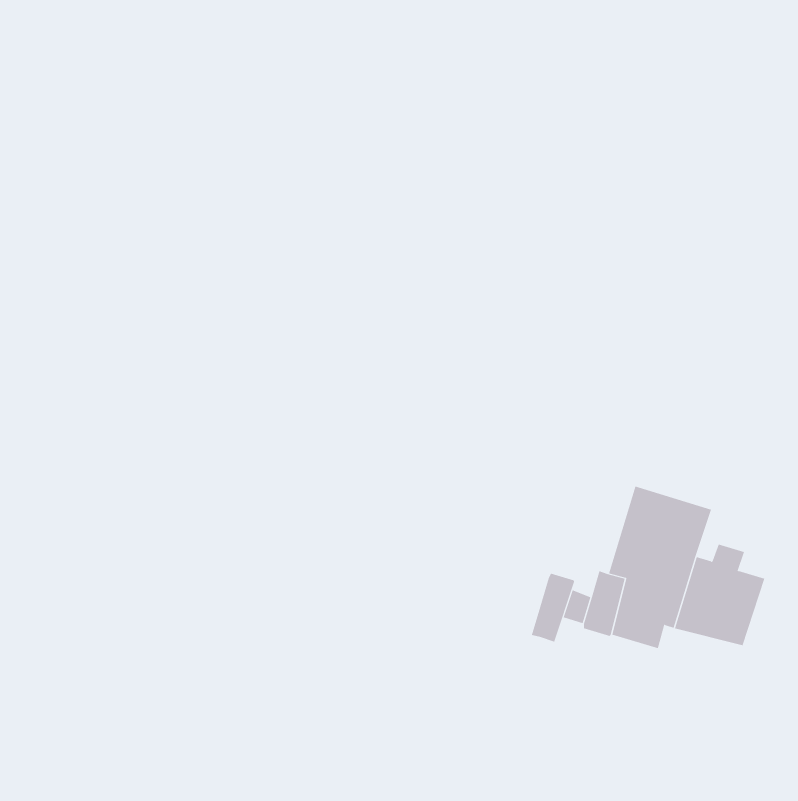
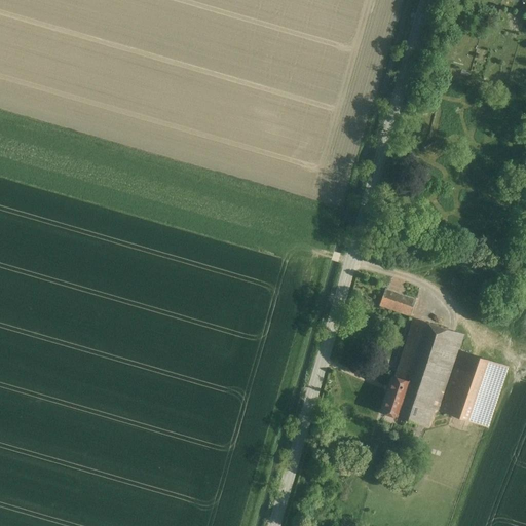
building: none -> [378,287,414,315]
building: [531,573,575,642] -> none

